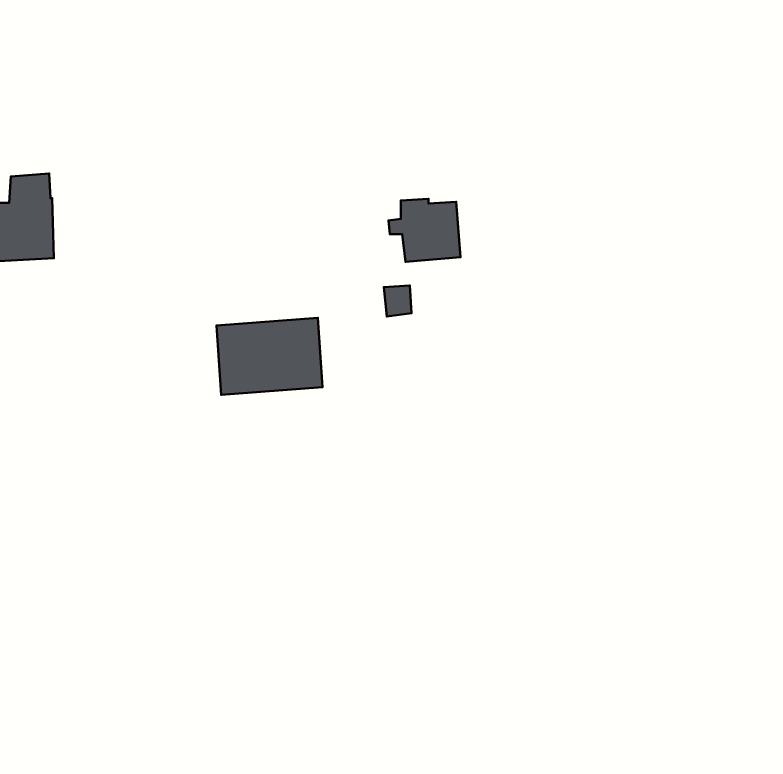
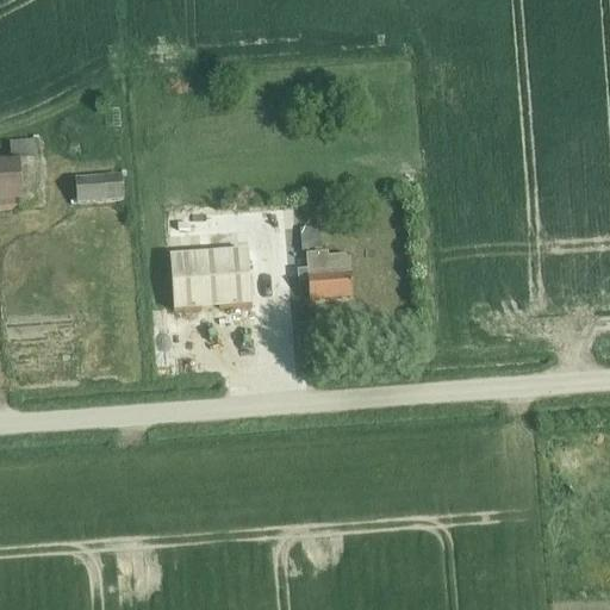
building: [388,199,461,262] -> [295,248,351,297]
building: none -> [74,170,122,199]

